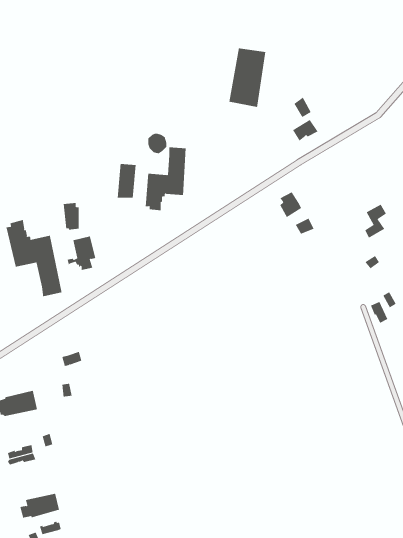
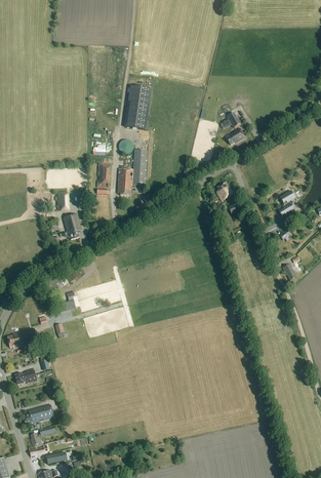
building: [229,48,266,108] -> [124,85,152,129]
building: [6,219,62,297] -> none

